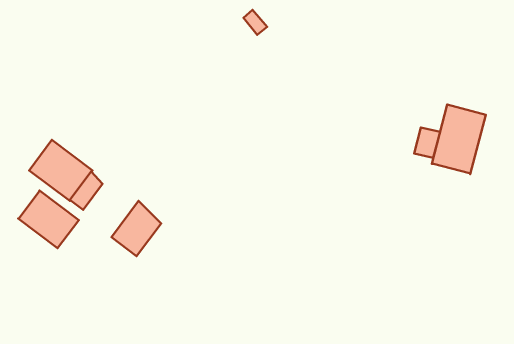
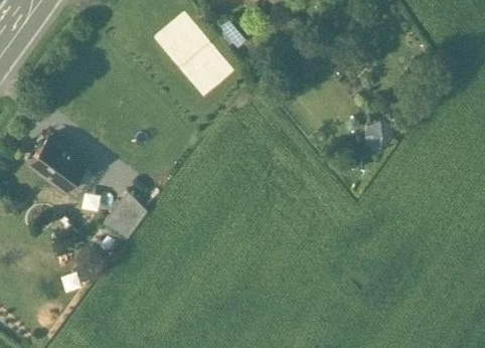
building: [432,105,486,174] -> none
building: [18,190,79,248] -> none

